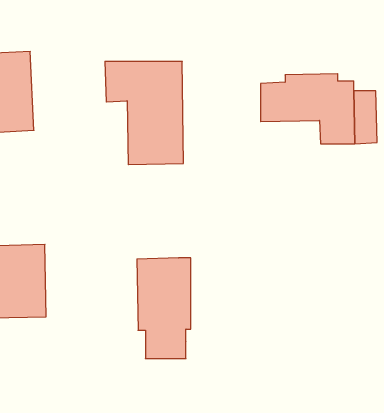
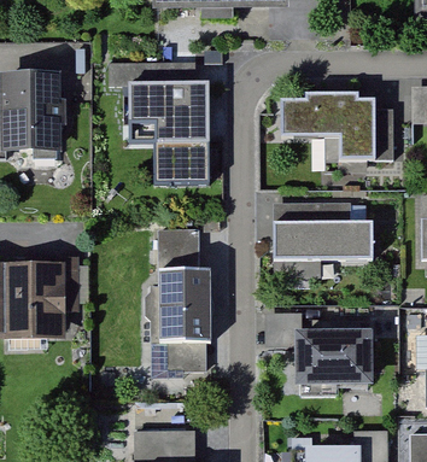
building: none -> [275,203,373,277]
building: none -> [162,229,203,274]
building: none -> [258,314,359,385]

